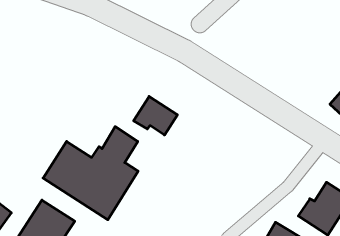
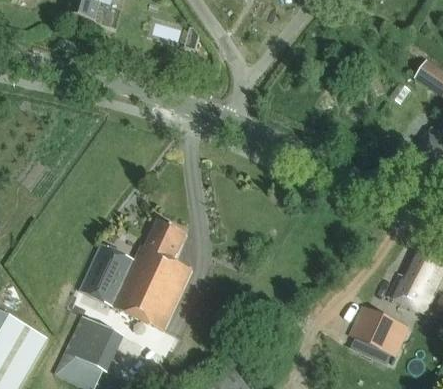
building: [134,96,177,135] -> none

